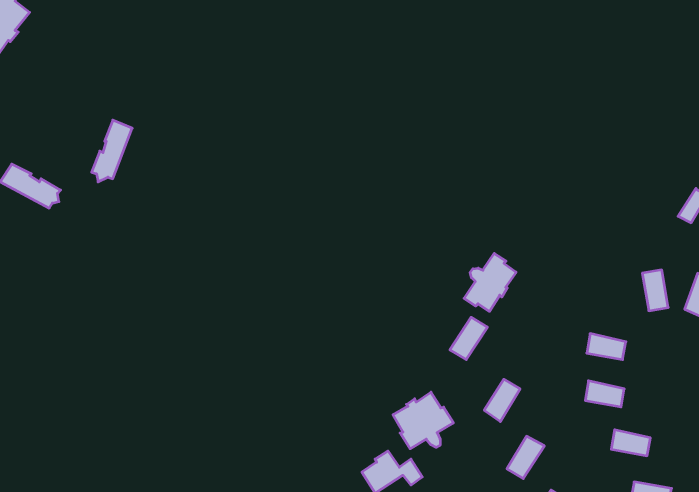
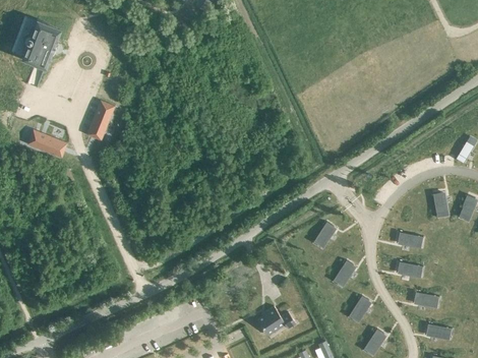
building: [464,253,516,311] -> none
building: [393,392,453,449] -> none

